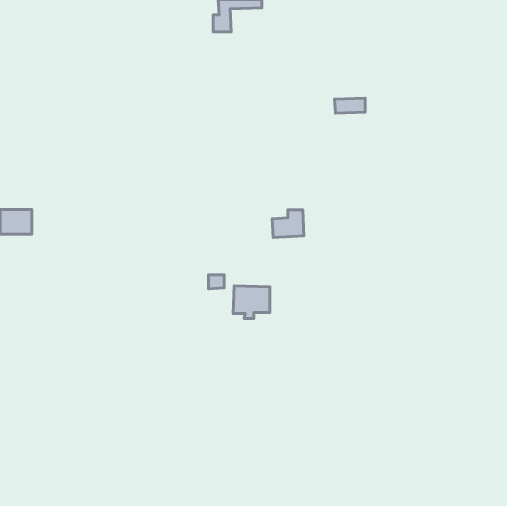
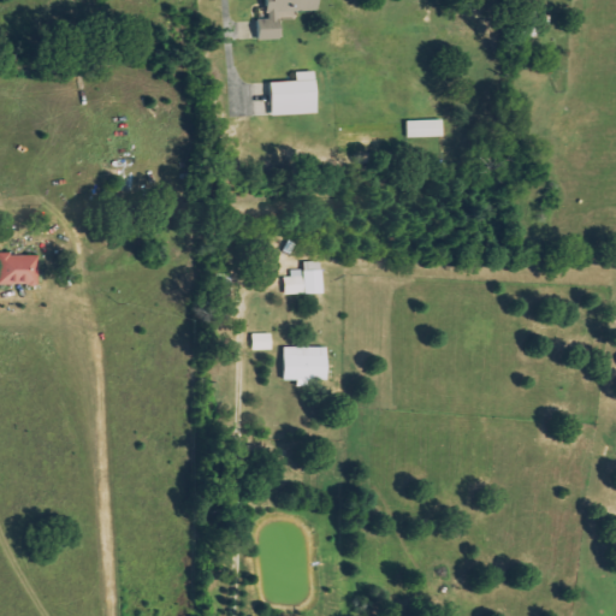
building: none -> [270,71,316,116]
building: [272,210,304,238] -> [284,261,322,295]

